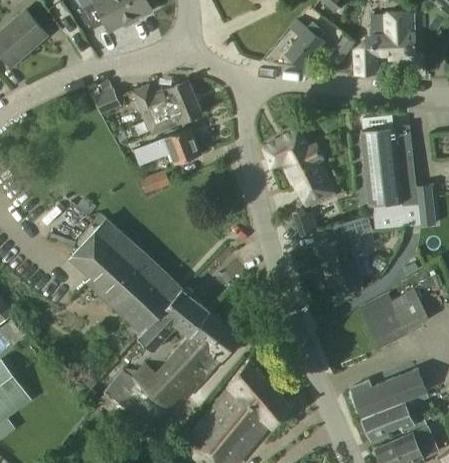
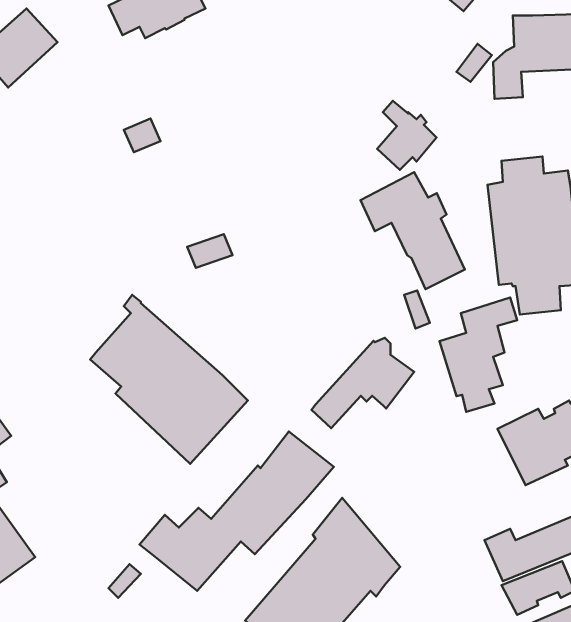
building: [286,21,328,70] -> [377,101,436,170]
building: [133,80,202,135] -> none
building: [133,128,201,167] -> none
building: [138,287,211,351] -> [311,338,414,428]

